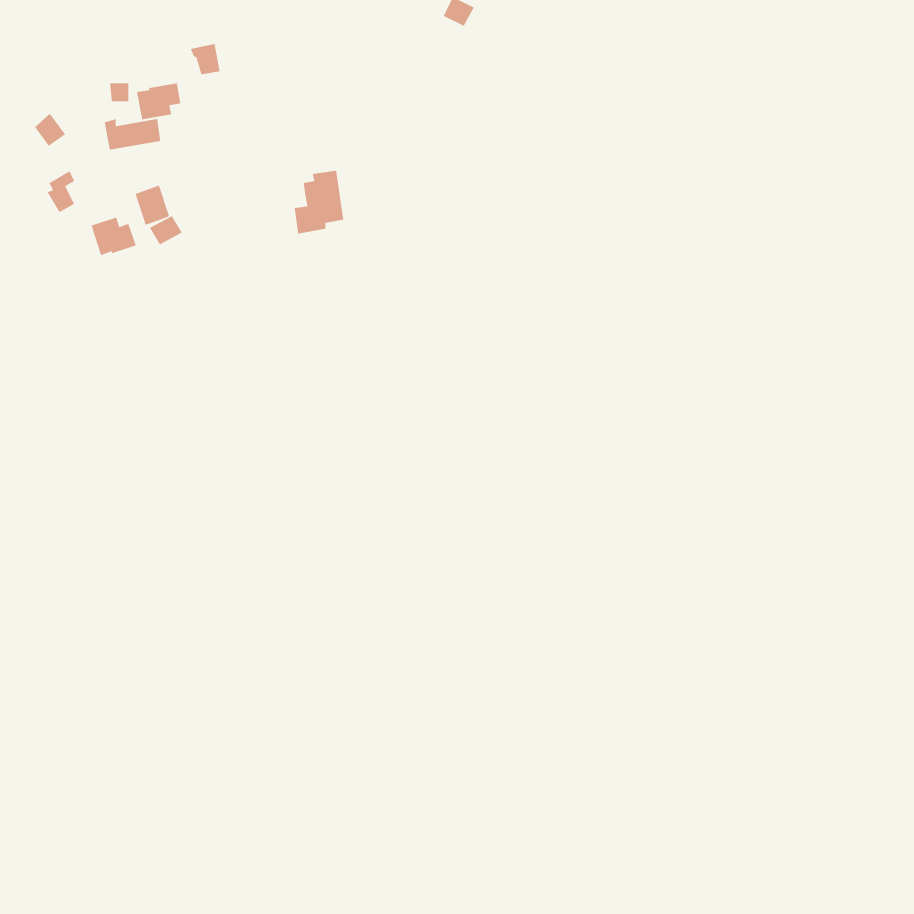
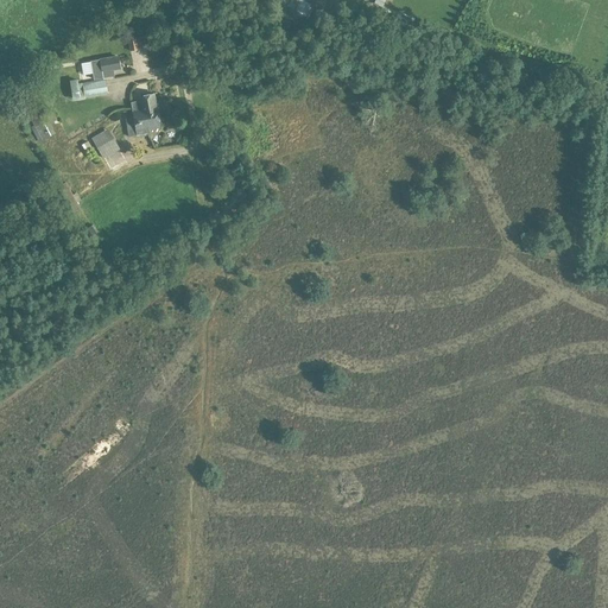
building: [294,170,344,234] -> [127,94,160,137]
building: [90,216,137,256] -> none

